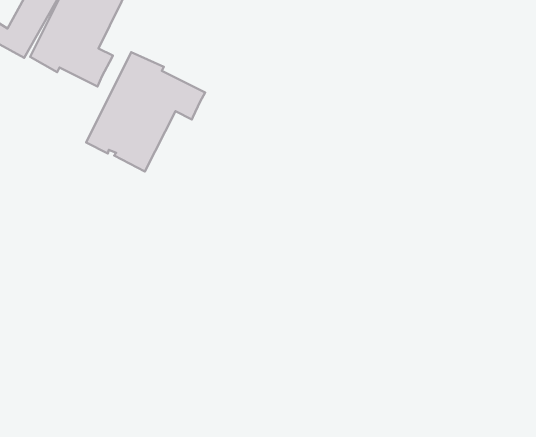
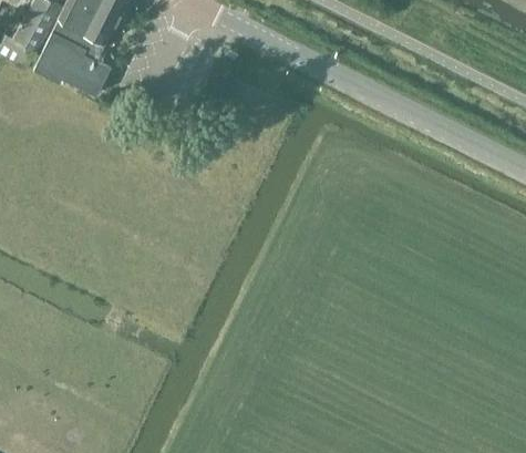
building: [86,52,205,171] -> none

